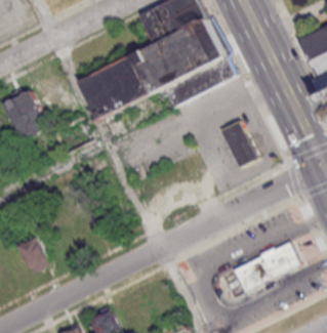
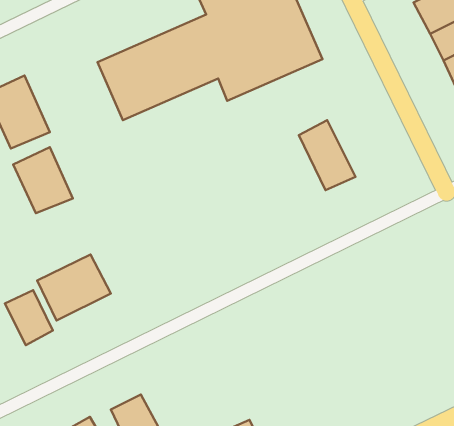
building: none -> [13,147,73,213]
building: none -> [37,254,111,321]
building: [232,241,298,287] -> none

